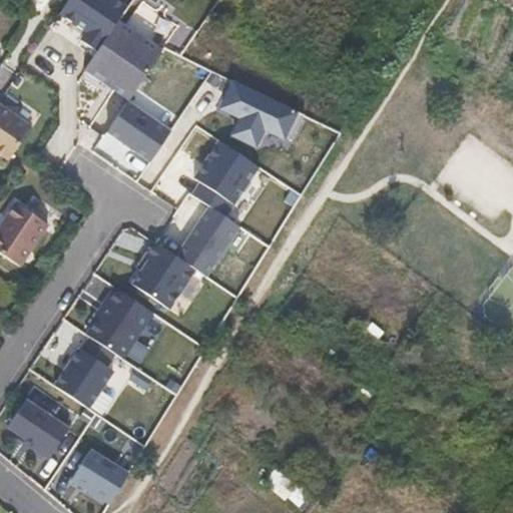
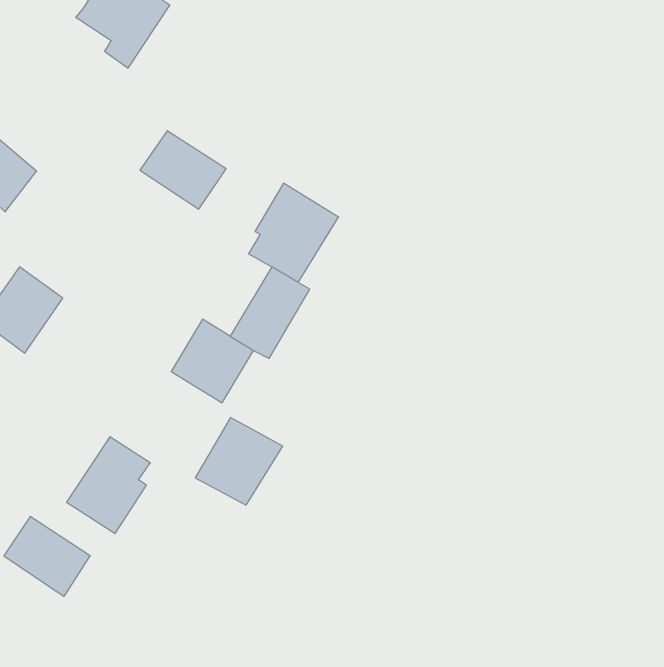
building: [85,19,164,100] -> none
building: [221,78,302,146] -> none
building: [84,288,151,355] -> [195,418,283,505]
building: [72,450,127,502] -> none

